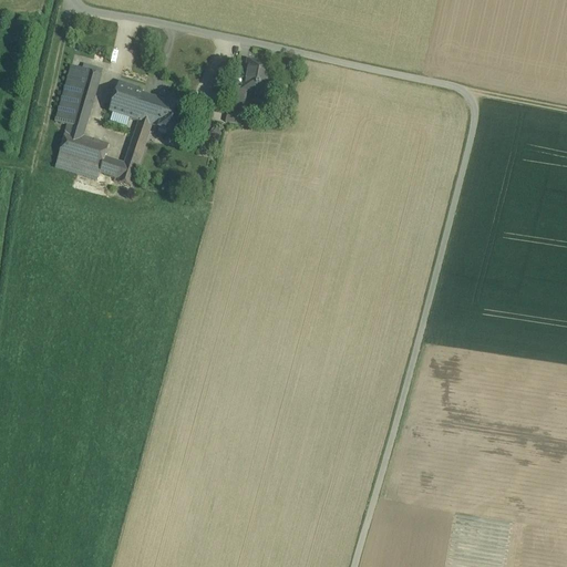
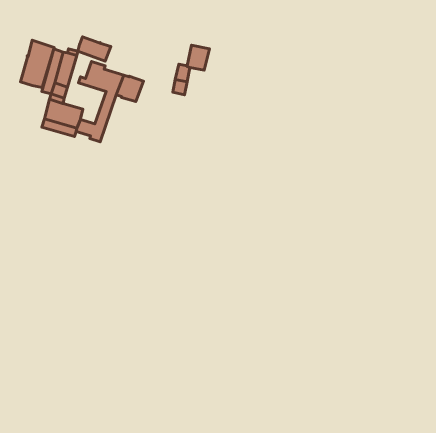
building: none -> [78,37,111,61]
building: none -> [21,40,54,87]

